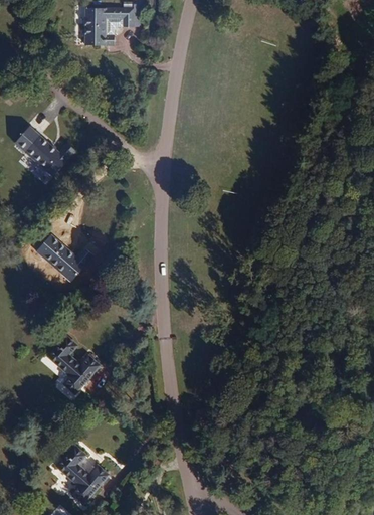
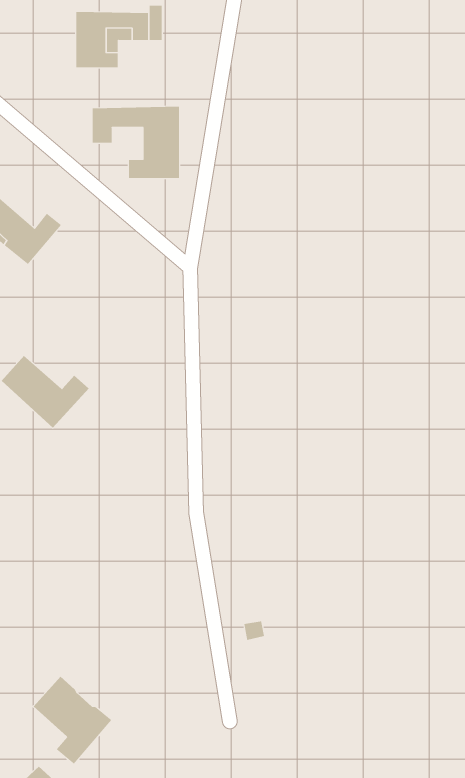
building: none -> [92,106,179,179]
building: [46,336,99,394] -> none

